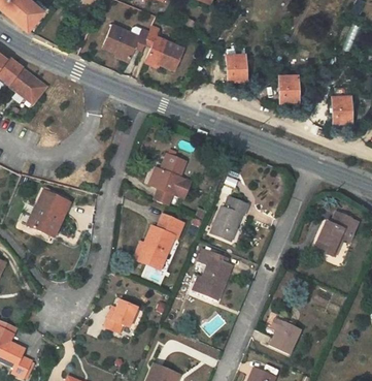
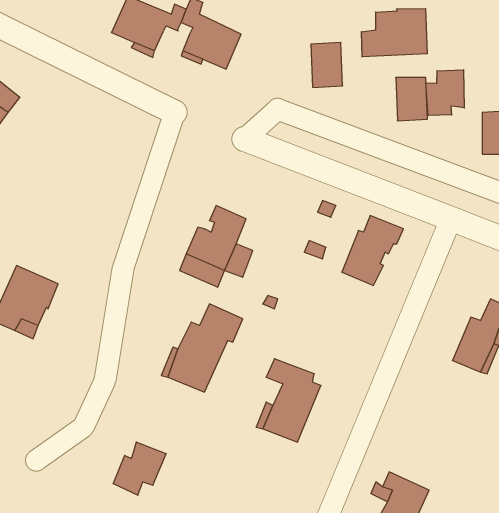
building: none -> [361,9,427,57]
building: none -> [426,70,464,116]
building: [211,197,249,241] -> [342,216,403,285]

